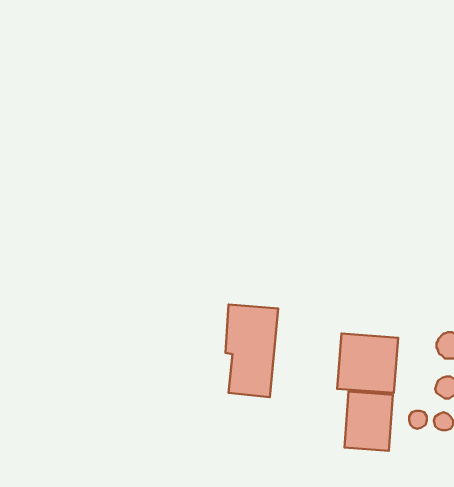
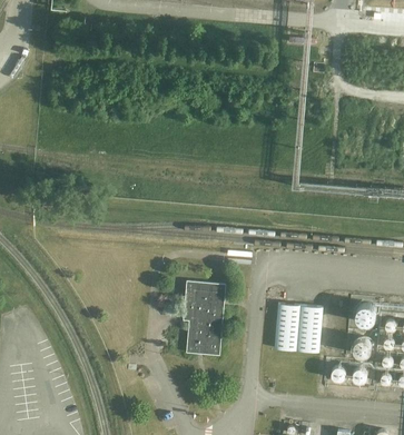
building: [344,392,393,451] -> none

